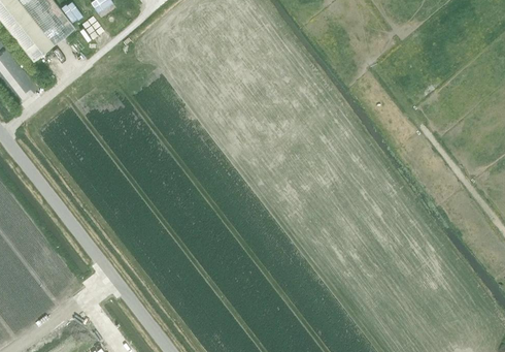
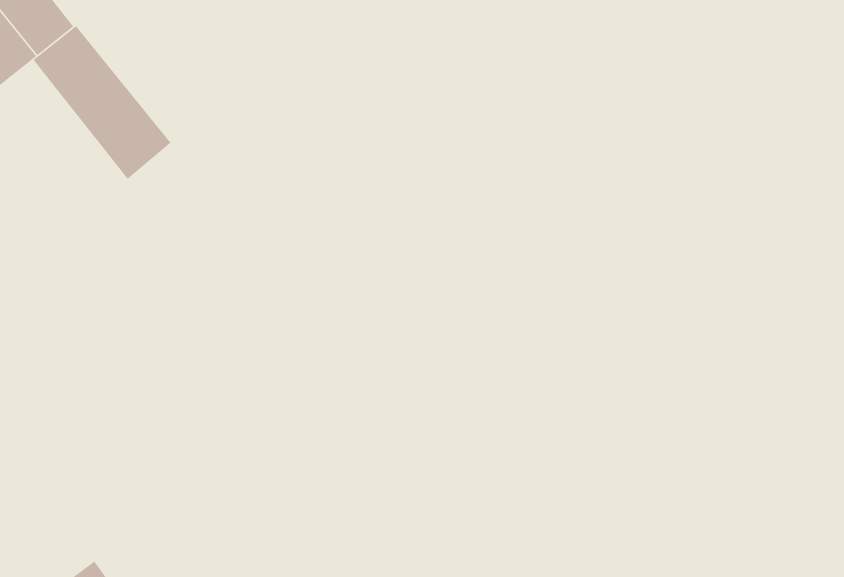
building: none -> [33,25,172,180]

